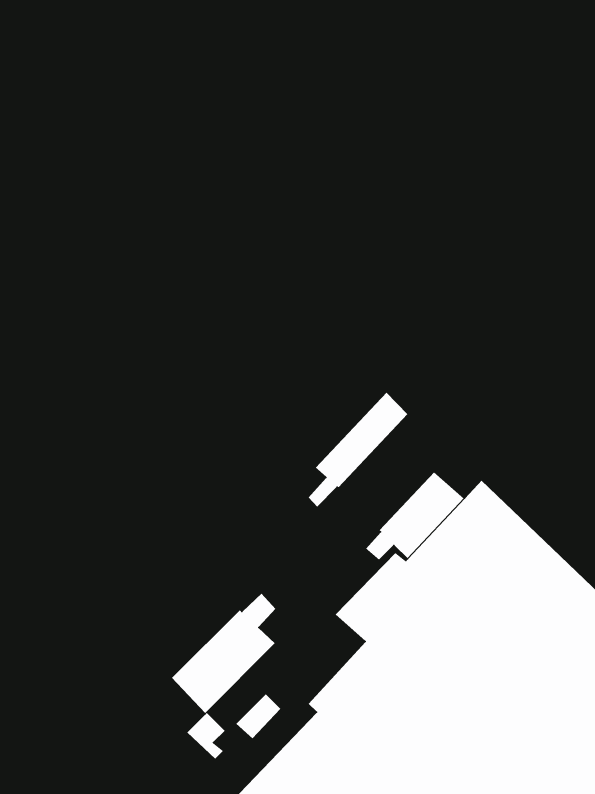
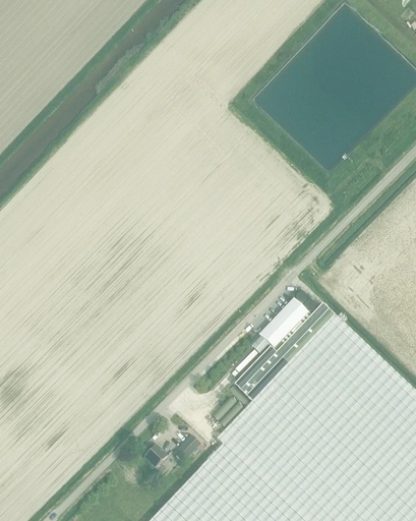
building: [308,392,408,507] -> none
building: [171,593,276,714] -> none

